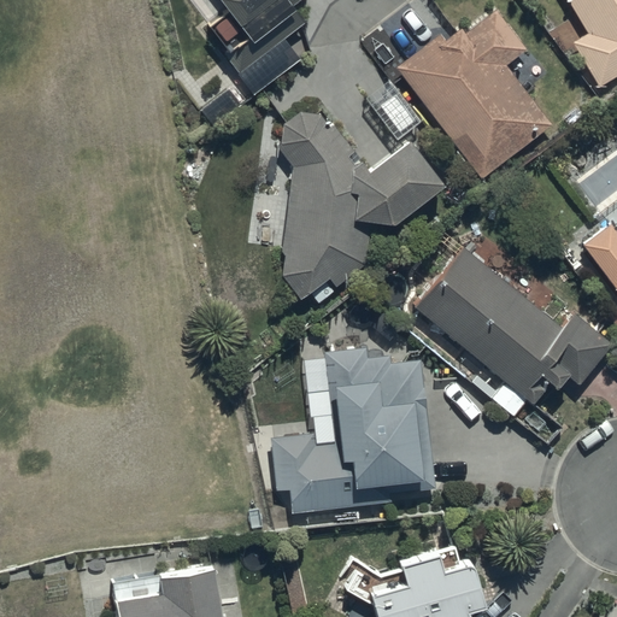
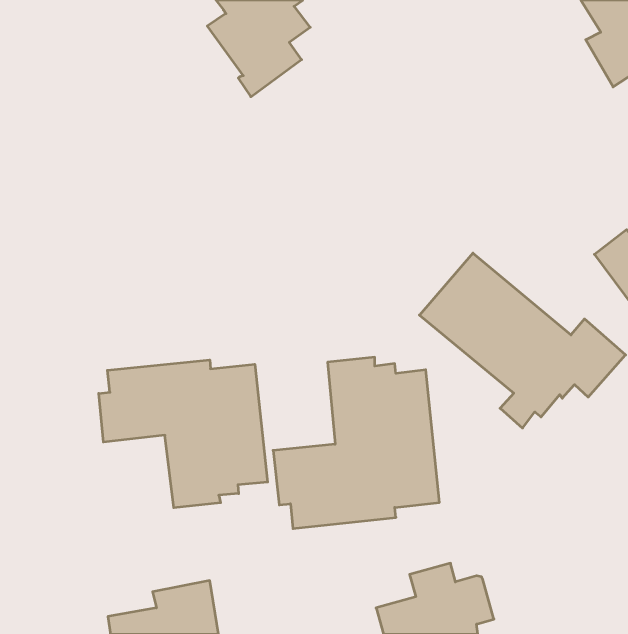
building: [398,6,556,181] -> none
building: [277,108,441,298] -> none
building: none -> [99,360,268,508]

